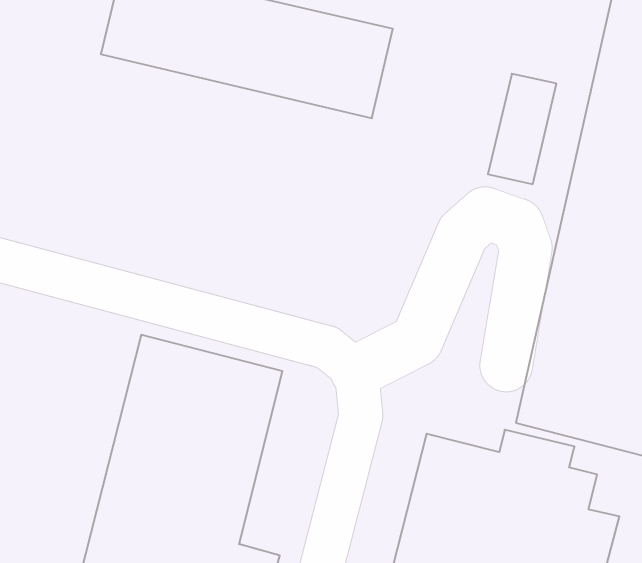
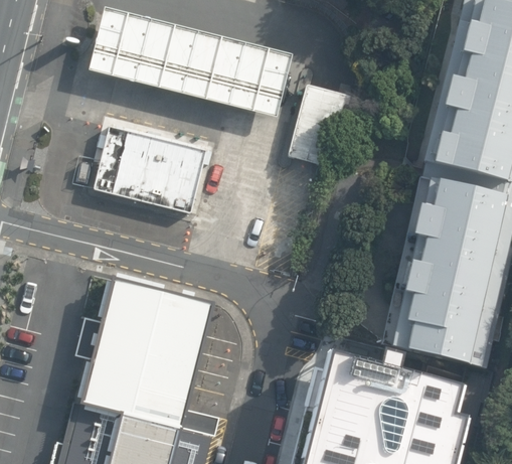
building: [488,74,556,184] -> [292,87,341,166]
building: none -> [95,130,204,213]

